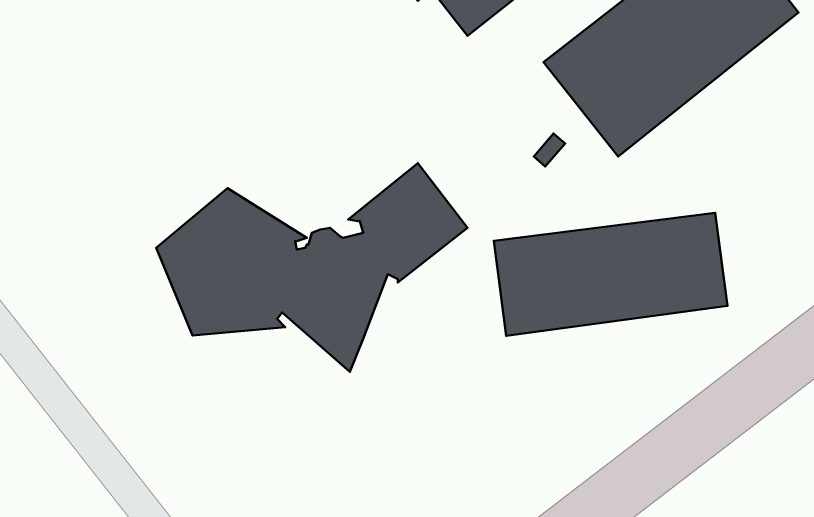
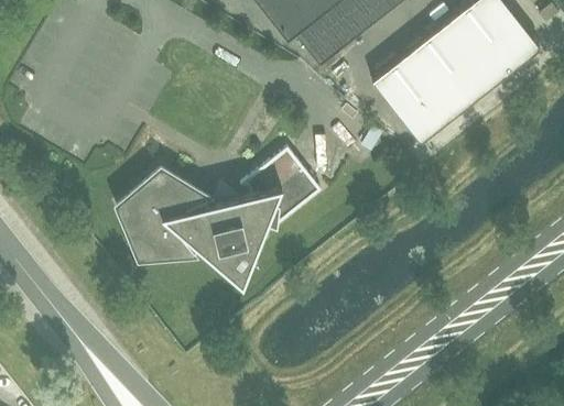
building: [494,213,727,336] -> none

